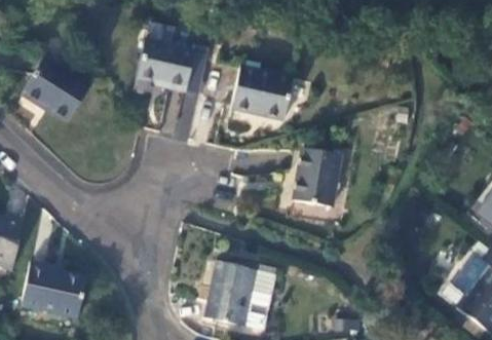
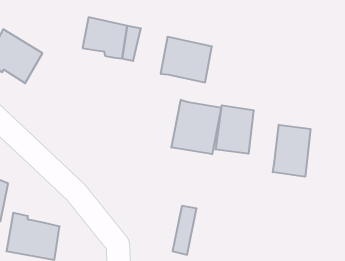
building: none -> [171,100,221,154]
building: none -> [273,125,310,177]
building: [195,256,249,319] -> none

